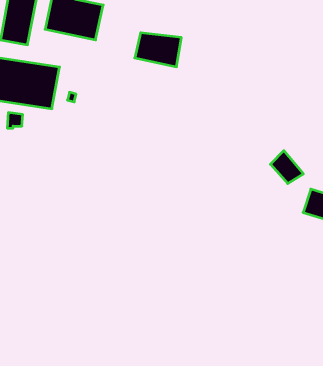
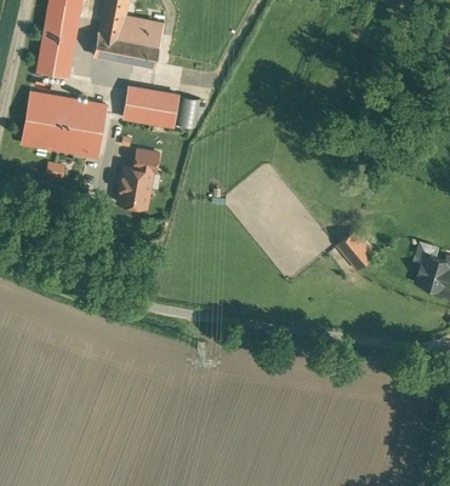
building: [135,33,181,67] -> [121,87,180,130]
building: none -> [115,147,159,208]
building: [270,151,303,184] -> [332,229,374,270]

